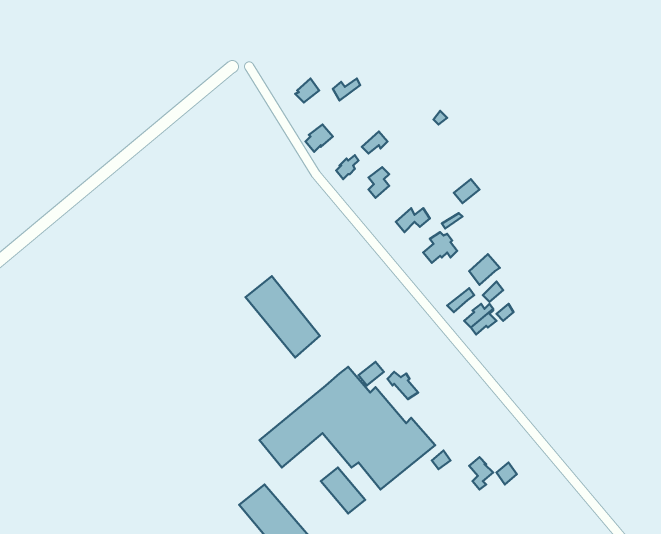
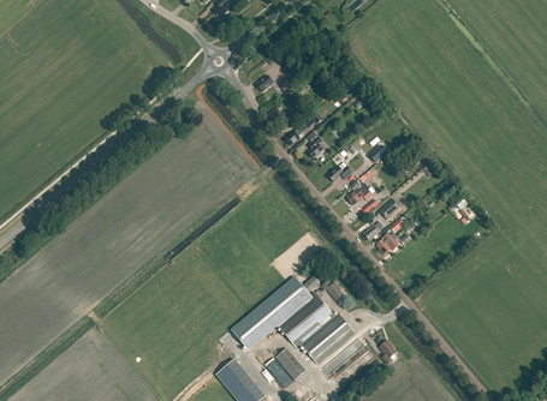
building: [245,276,320,357] -> none

